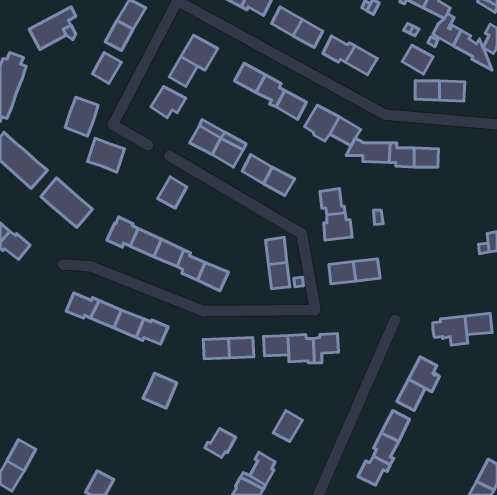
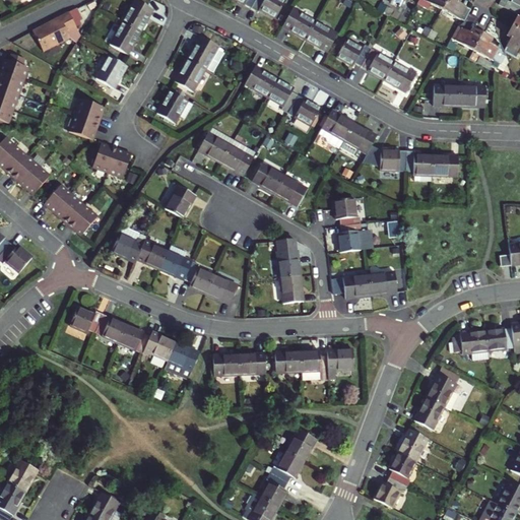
building: [402,45,433,74] -> [384,61,416,91]
building: [143,373,177,408] -> [164,341,199,378]
building: [205,428,236,458] -> [270,452,303,482]

